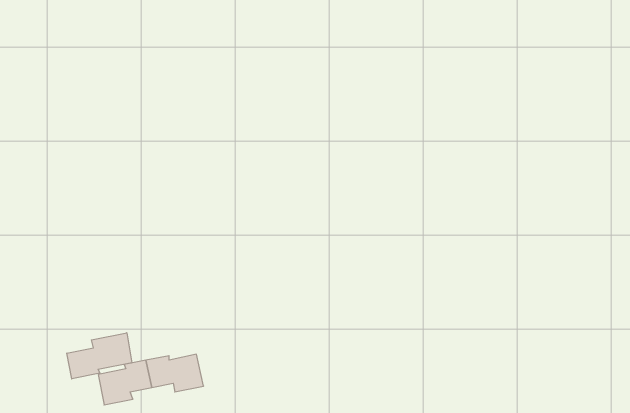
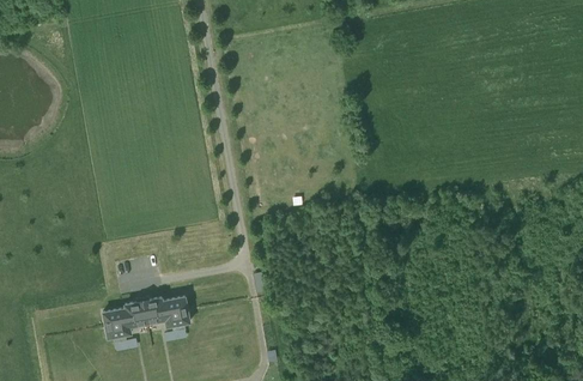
building: [67,333,132,379] -> none

